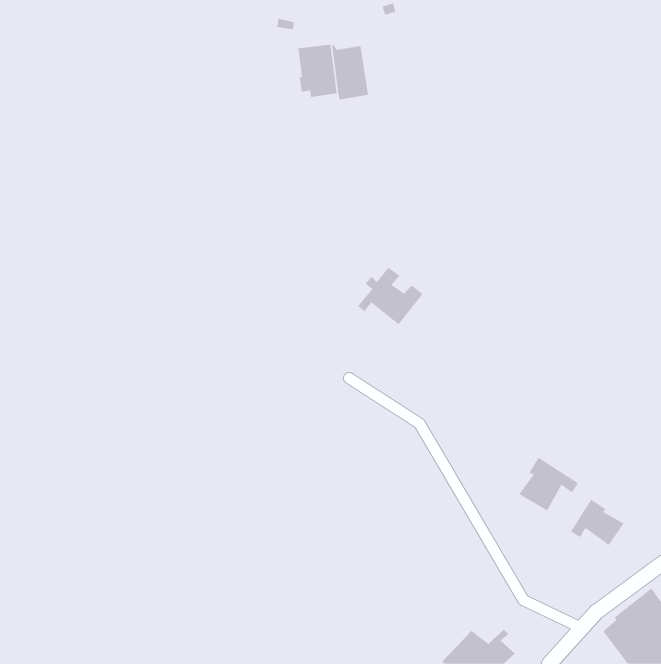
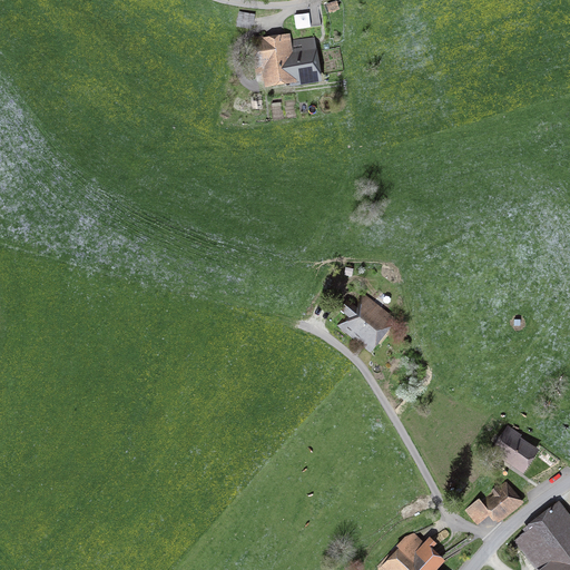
building: [357,267,423,325] -> [337,293,394,343]
building: [518,457,579,511] -> none
building: none -> [470,483,518,521]

